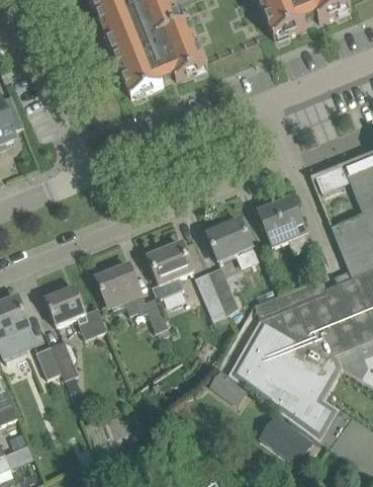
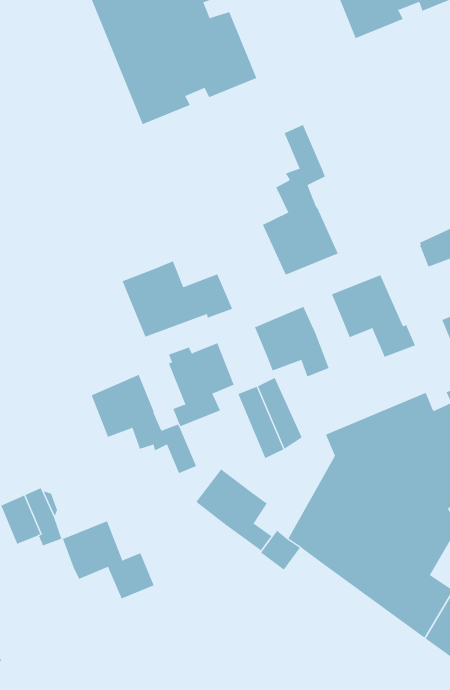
building: none -> [262,124,338,276]
building: none -> [122,261,233,337]
building: [45,287,107,339] -> [62,521,154,599]
building: none -> [195,469,272,551]
building: [258,415,312,466] -> none

